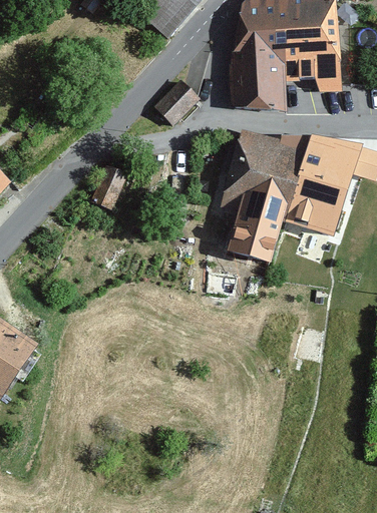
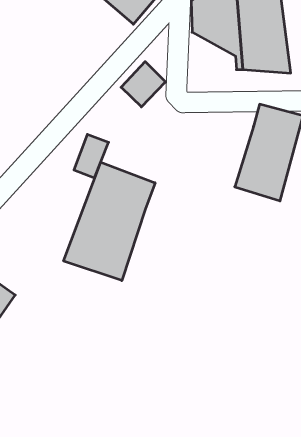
building: [232,45,287,114] -> none
building: [222,133,303,262] -> none
building: none -> [64,162,155,281]

